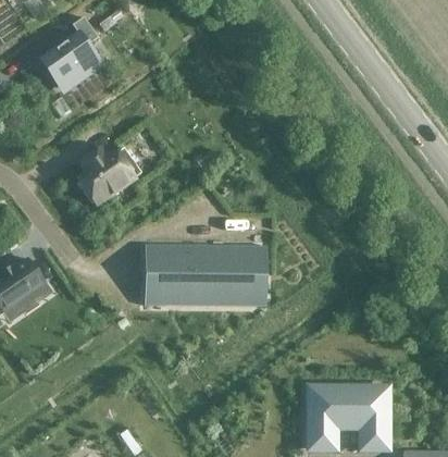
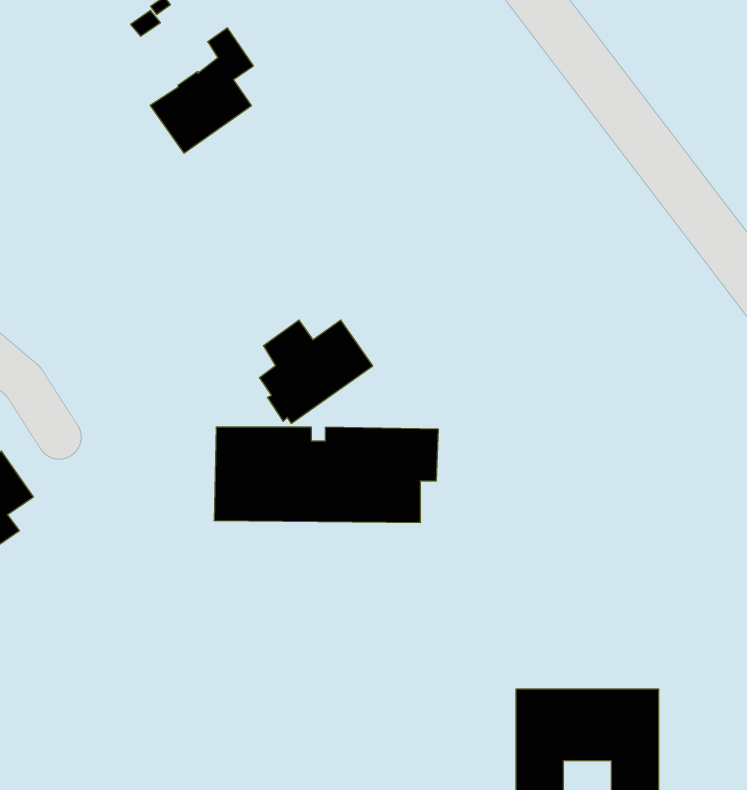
building: [40,18,97,87] -> [150,28,253,153]
building: [78,149,140,206] -> [259,320,373,423]

